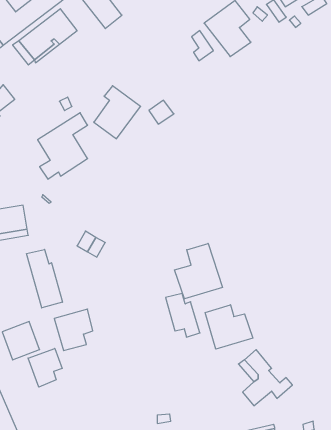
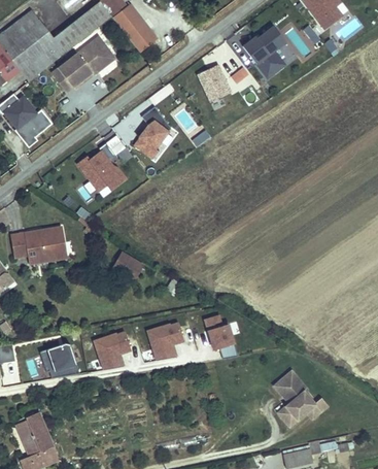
building: none -> [196,64,231,103]
building: [174,243,222,299] -> none
building: [27,249,62,308] -> none
building: none -> [144,321,183,363]
building: [205,305,253,349] -> none
building: [28,348,62,387] -> none

